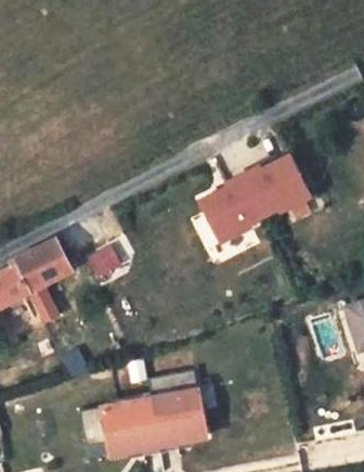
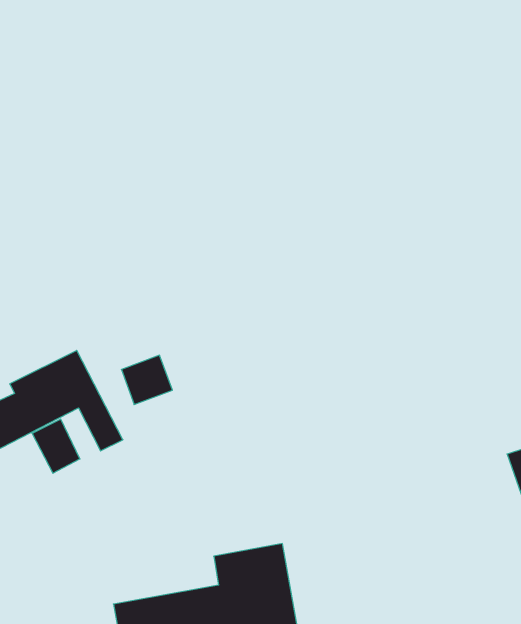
building: [193,149,310,240] -> none

